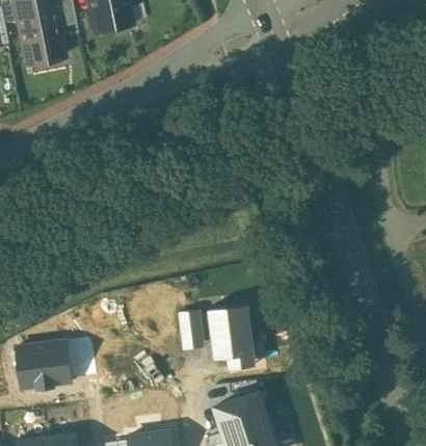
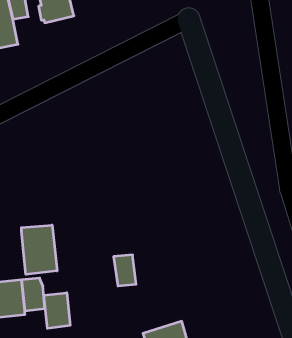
building: none -> [21,225,57,274]
building: [208,306,254,370] -> none
building: none -> [44,293,70,328]

